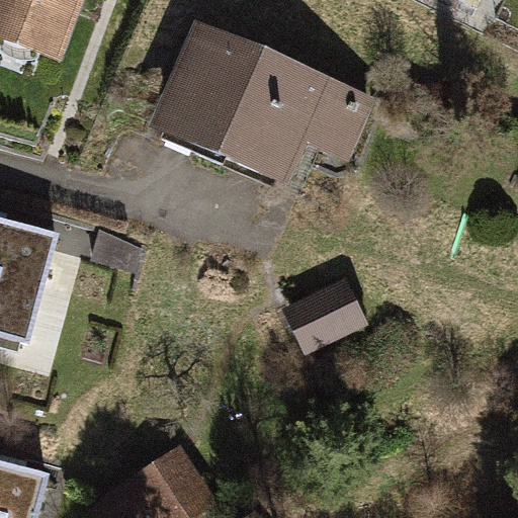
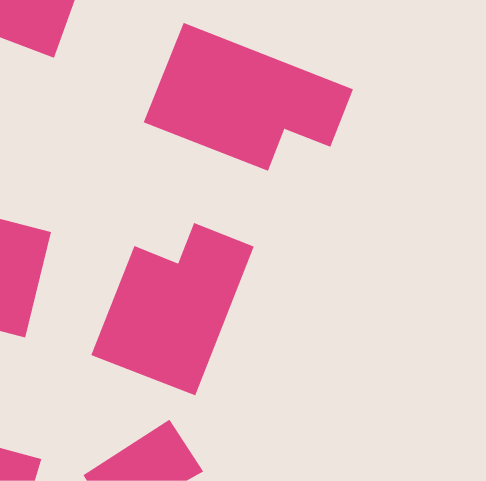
building: none -> [90,222,255,396]
building: [281,274,364,349] -> none

